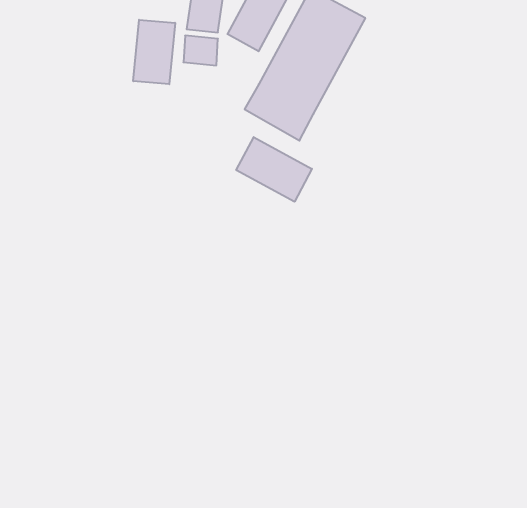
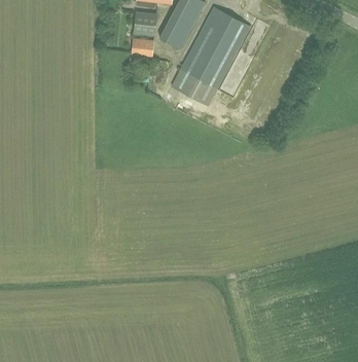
building: [133,20,175,84] -> none
building: [236,137,312,202] -> none

